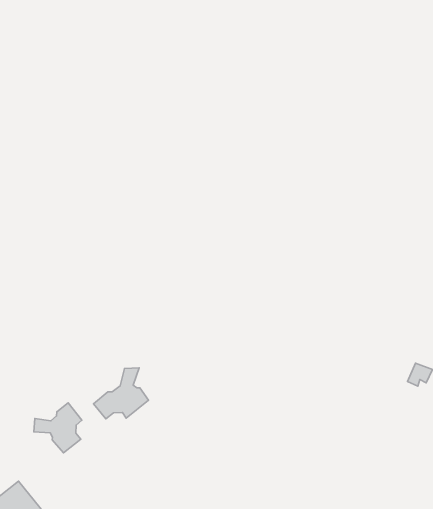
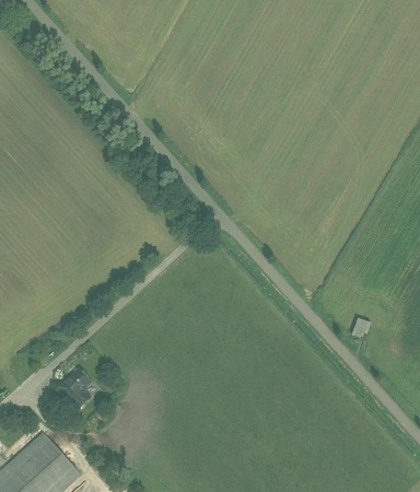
building: [94,368,148,419] -> none

